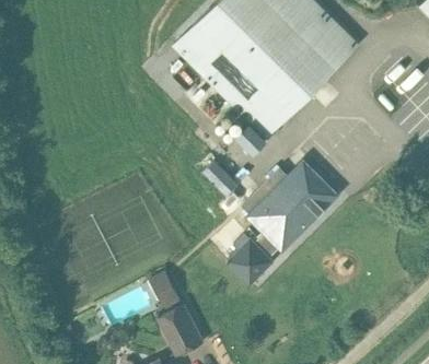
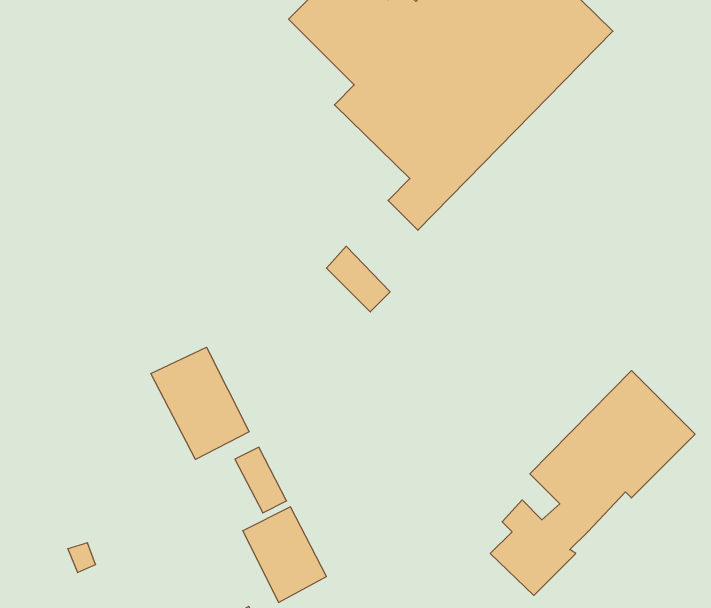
building: [225,161,338,284] -> [490,371,695,595]
building: none -> [151,347,249,459]

